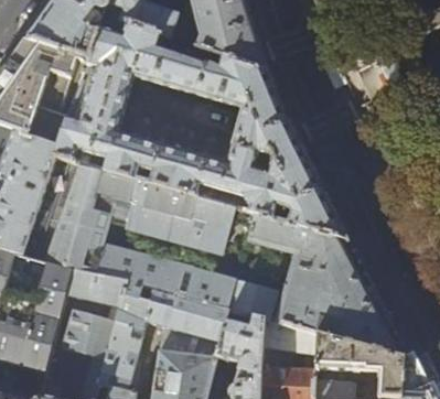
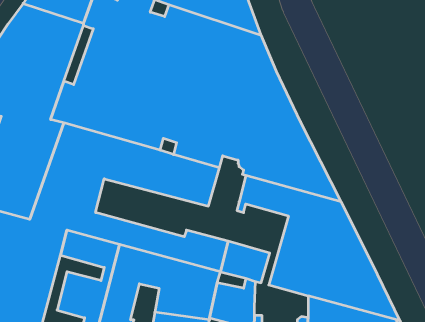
building: [259,320,313,353] -> none

